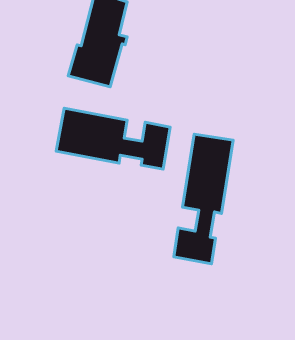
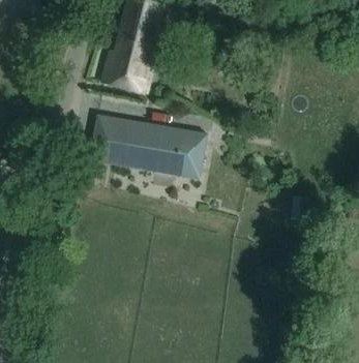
building: [174,134,233,264] -> none

